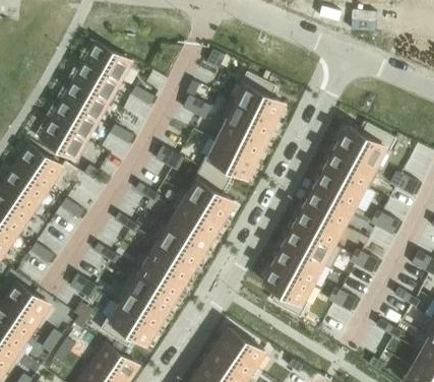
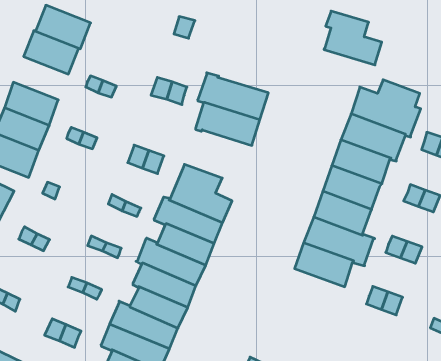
building: [73,61,118,100] -> [35,5,91,49]
building: [236,71,283,119] -> [324,11,382,65]
building: [199,140,255,181] -> none
building: [263,261,312,314] -> none

